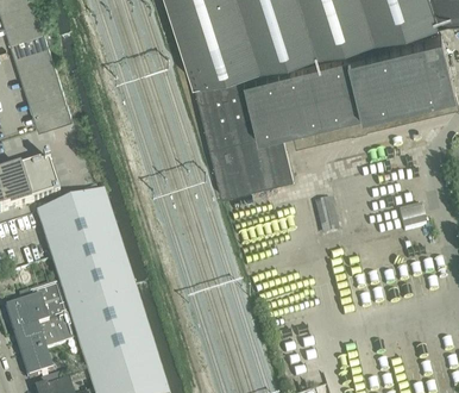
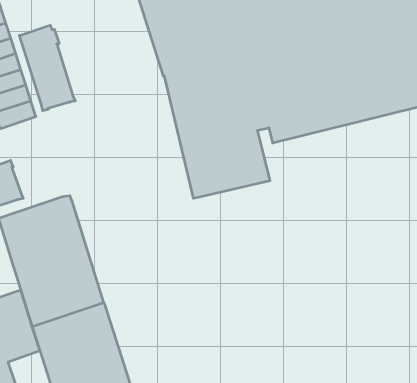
building: none -> [19,25,75,111]

